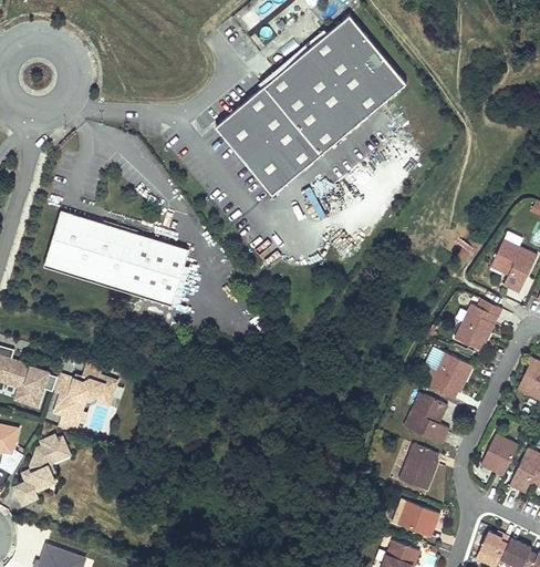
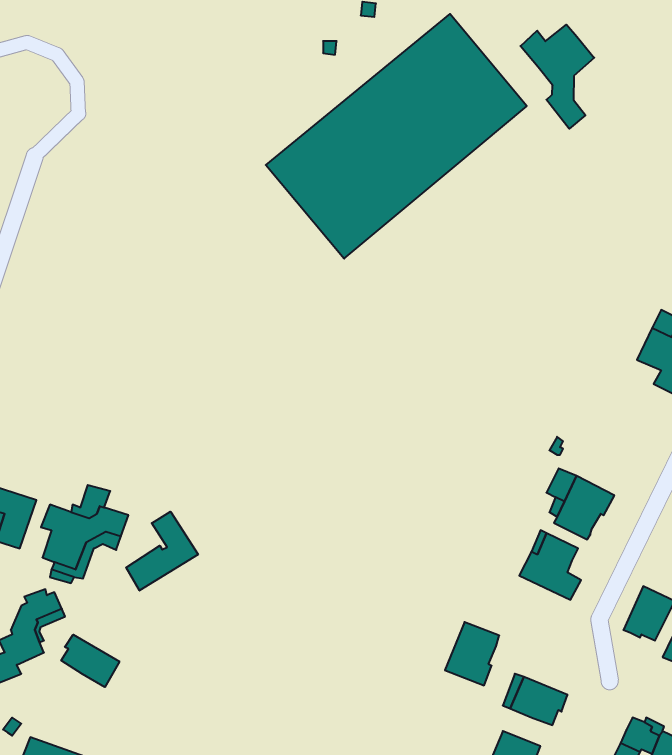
building: none -> [520,25,594,129]
building: [44,208,189,305] -> none
building: [454,298,501,352] -> none
building: none -> [126,512,198,591]
building: [398,444,438,491] -> [445,622,499,685]
building: none -> [61,635,119,687]

